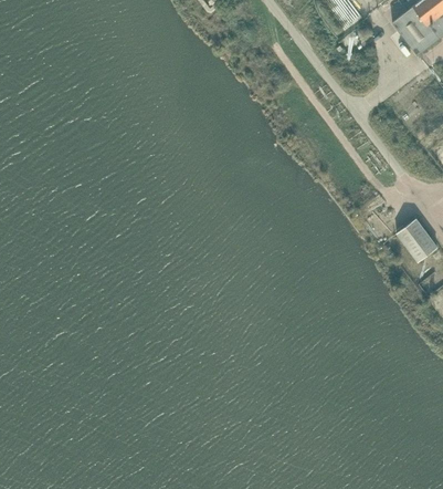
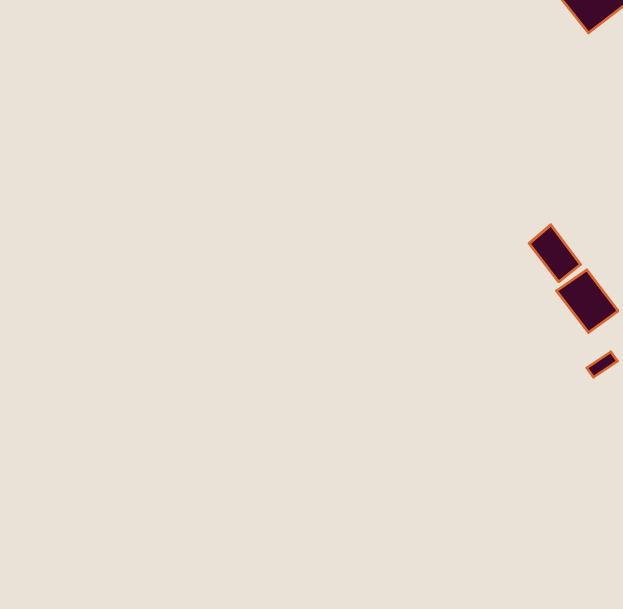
building: none -> [529,225,580,281]

